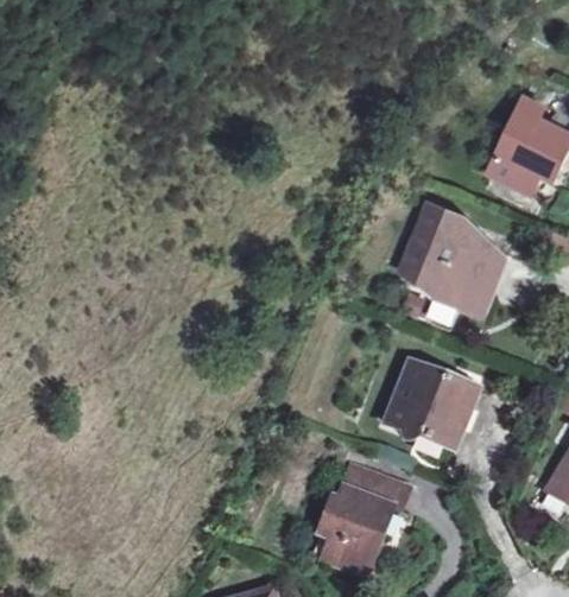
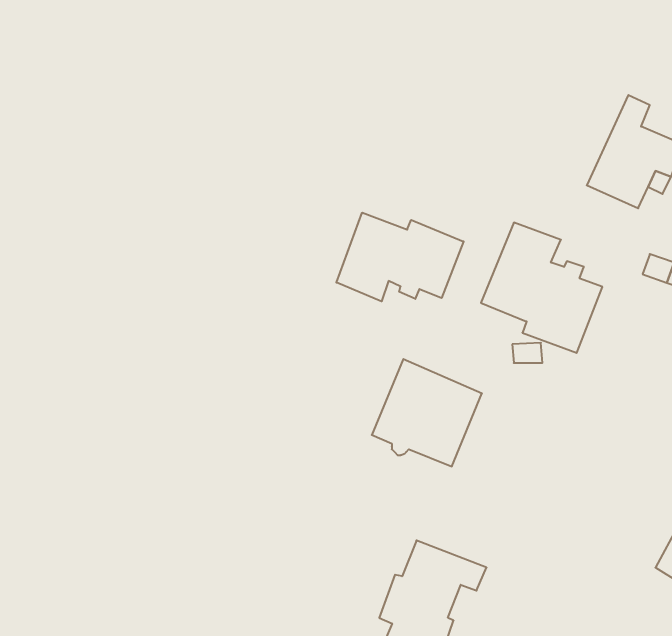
building: none -> [336,213,464,301]
building: [386,358,478,447] -> [372,359,482,466]

